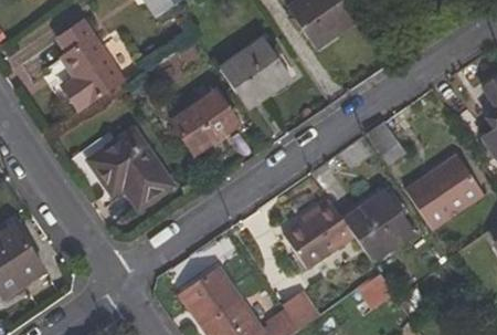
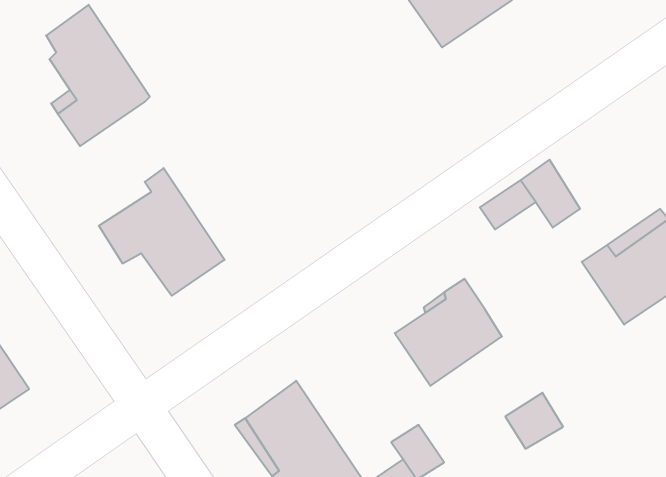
building: [220,38,290,109] -> none
building: [170,91,239,155] -> none
building: [342,190,414,262] -> none

